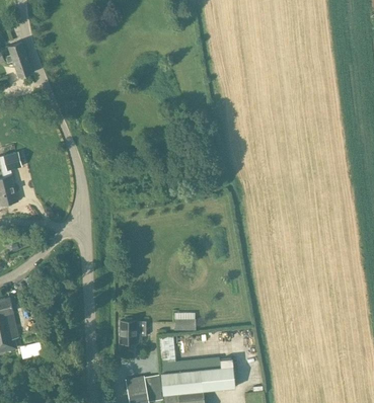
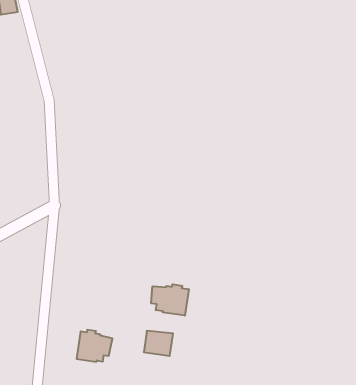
building: none -> [151,284,189,316]

